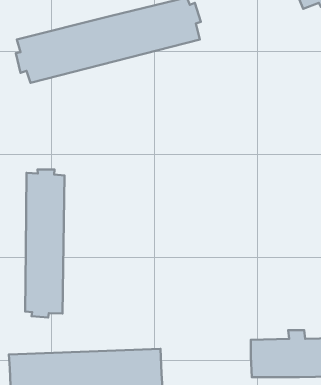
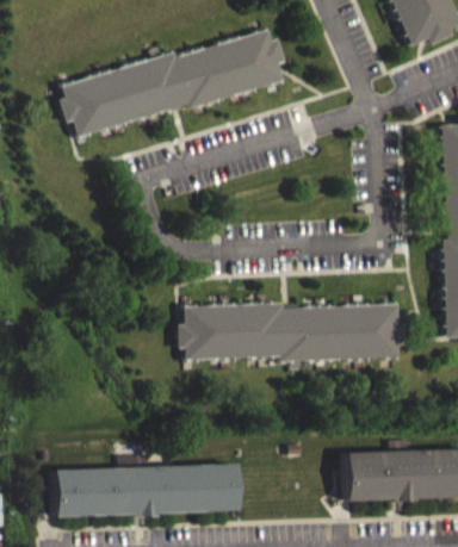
building: [25,169,65,317] -> none
building: none -> [180,305,406,371]

